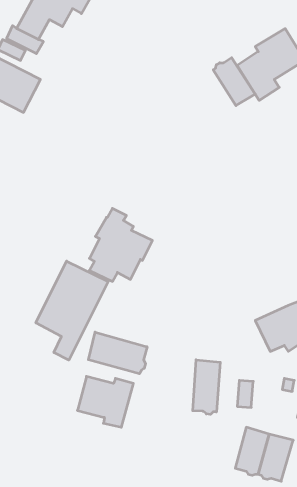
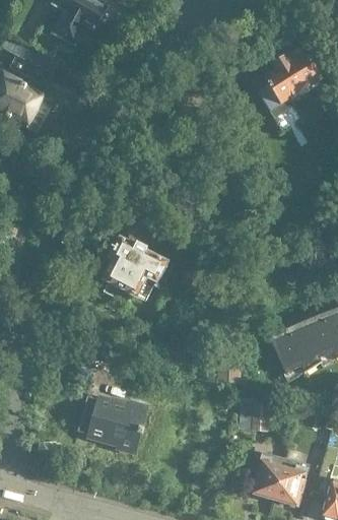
building: [213,58,255,106] -> none
building: [36,261,108,360] -> none
building: [88,332,147,374] -> none
building: [193,360,220,414] -> none

